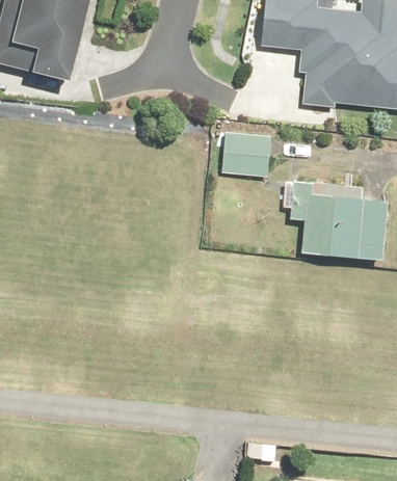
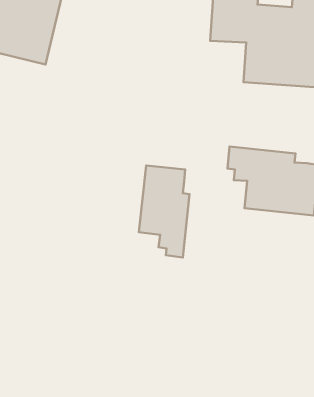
building: [223,136,272,179] -> none
building: none -> [139,166,190,257]

